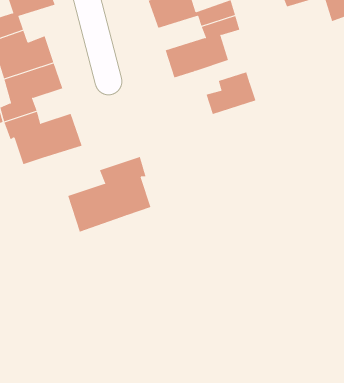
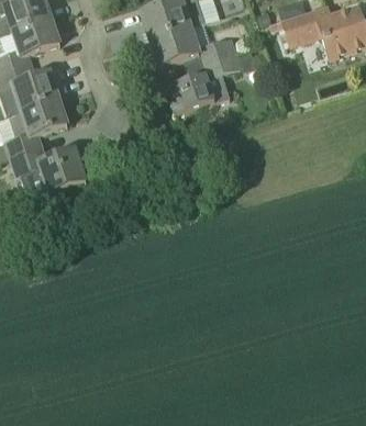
building: [206,72,256,115] -> none
building: [68,156,151,232] -> none

